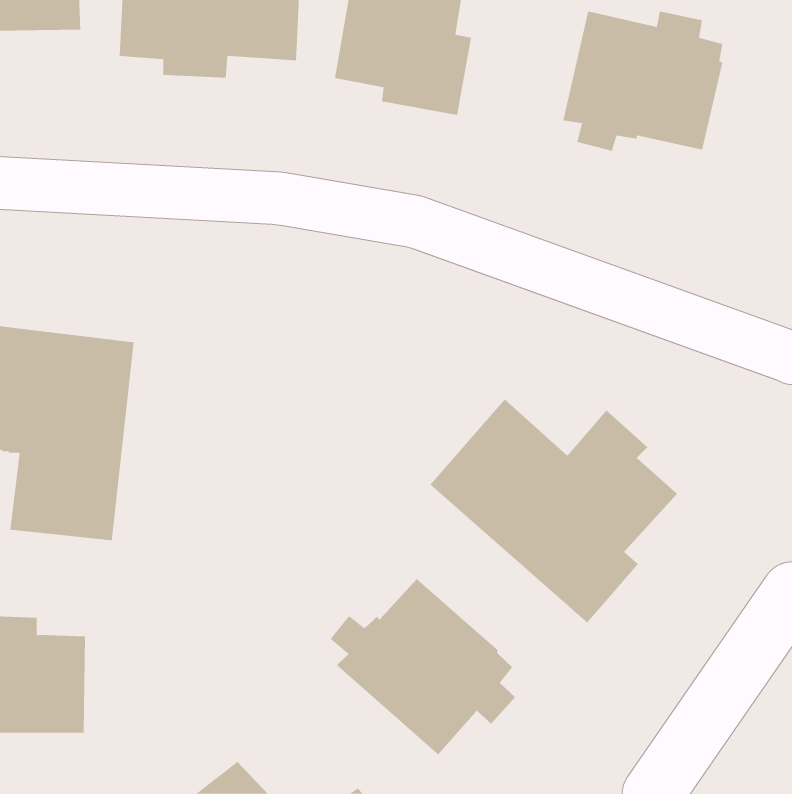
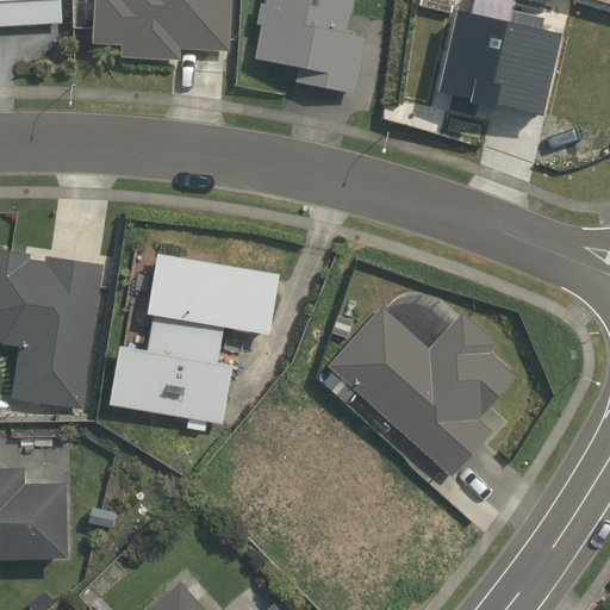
building: none -> [108,256,284,430]
building: [330,578,516,755] -> none

